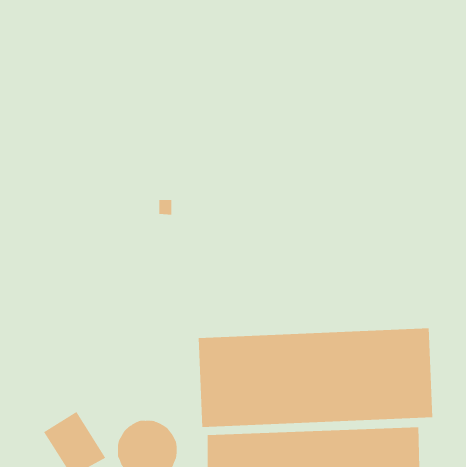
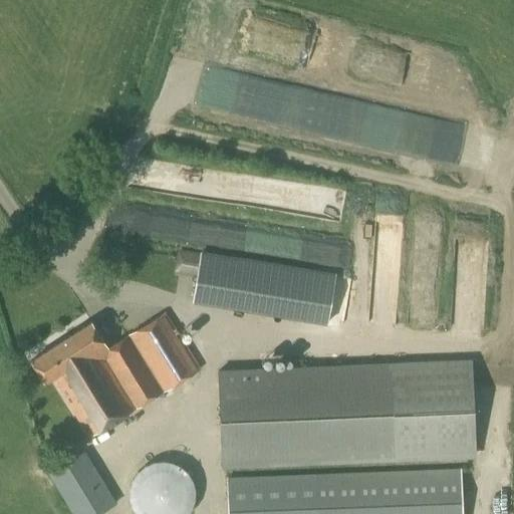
building: none -> [193,253,338,326]
building: none -> [32,314,201,439]

